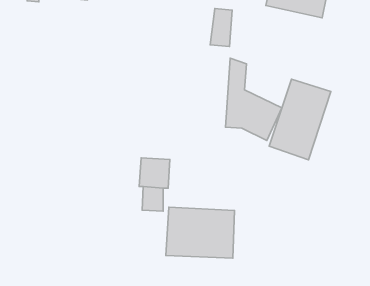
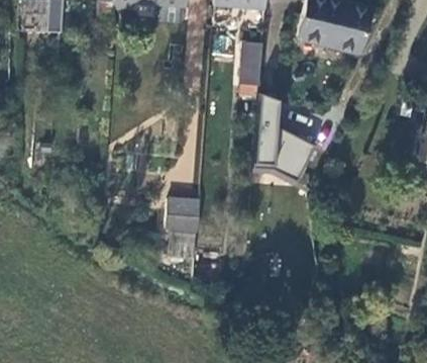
building: [269,79,331,160] -> none
building: [166,207,234,258] -> none

